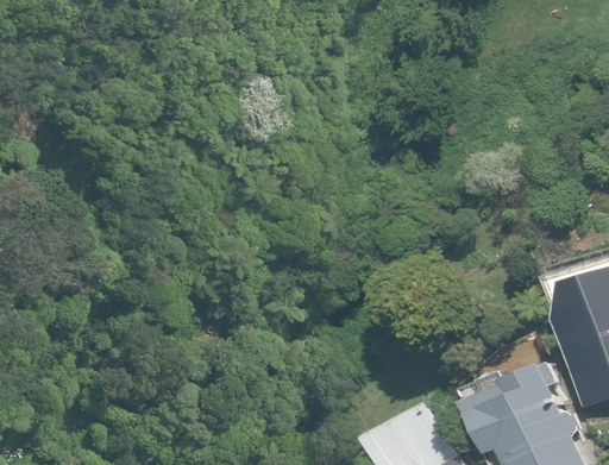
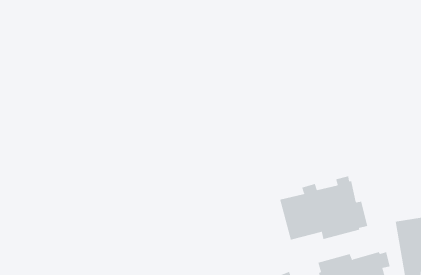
building: none -> [280,175,368,240]

